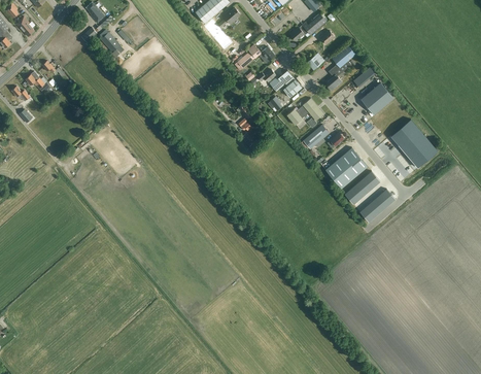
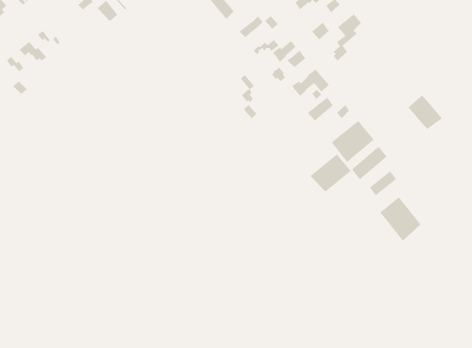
building: [355,78,393,116] -> none
building: none -> [309,153,351,193]
building: none -> [380,197,421,241]

